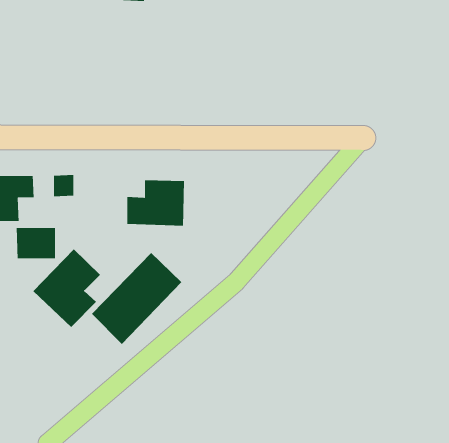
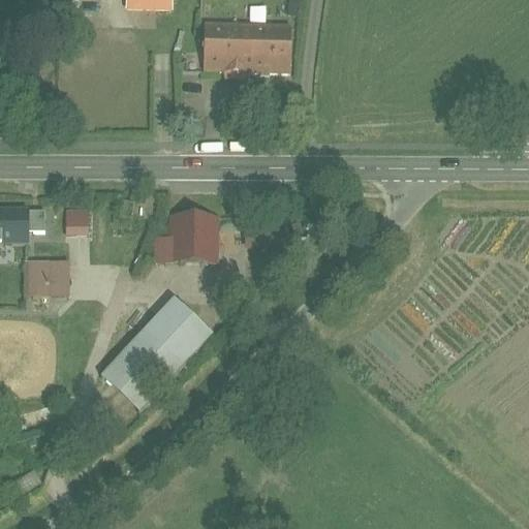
building: none -> [206,19,290,79]
building: [32,249,101,328] -> none

